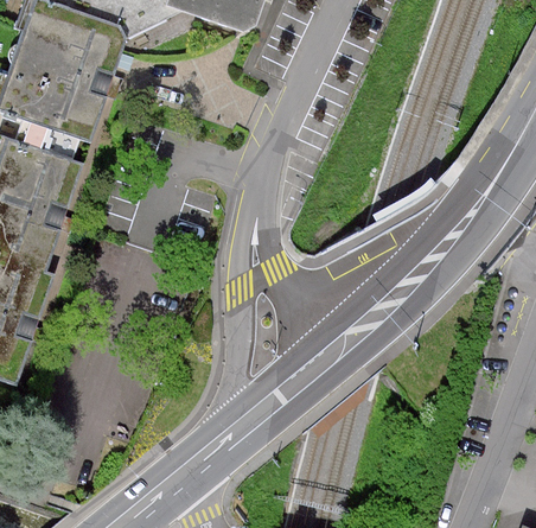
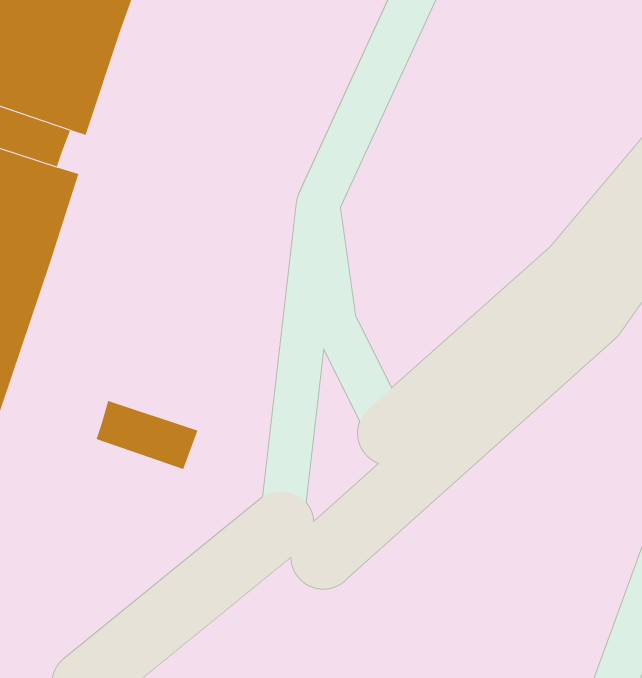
building: none -> [96,400,198,470]

